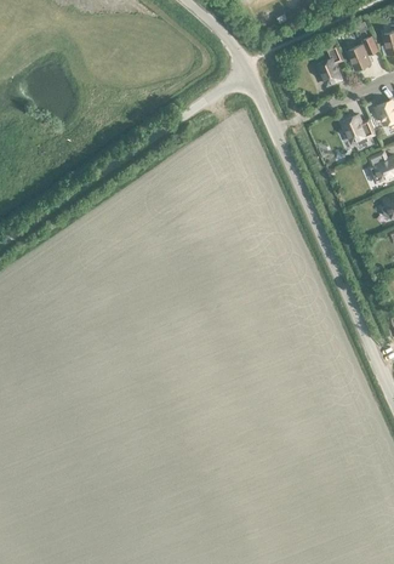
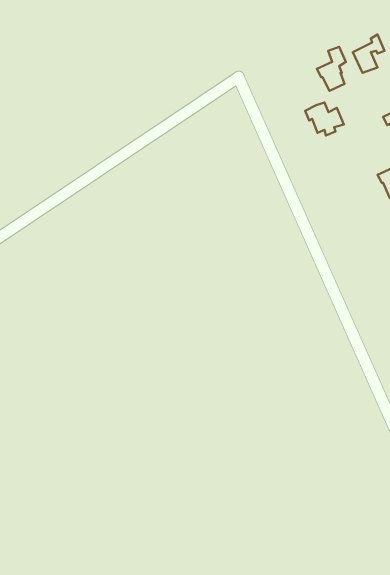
building: [338,114,372,143] -> [305,102,344,136]

